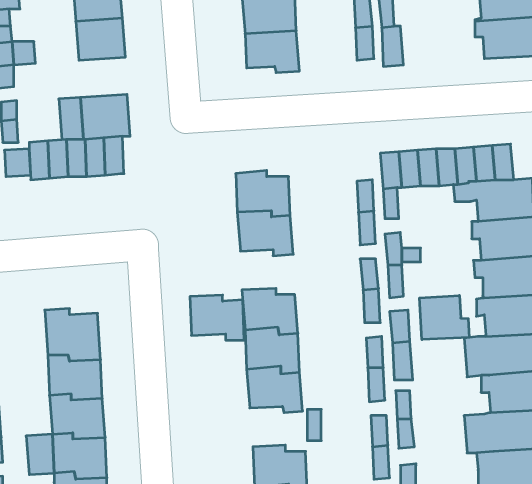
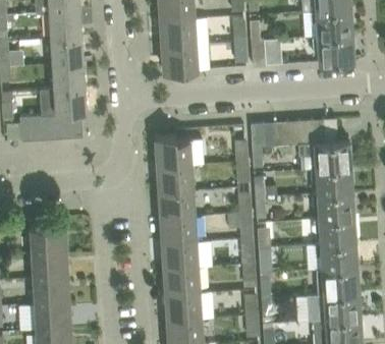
building: none -> [53,61,85,88]
building: [190,295,244,340] -> [159,187,195,217]
building: [420,295,469,340] -> none
building: none -> [165,290,202,320]

